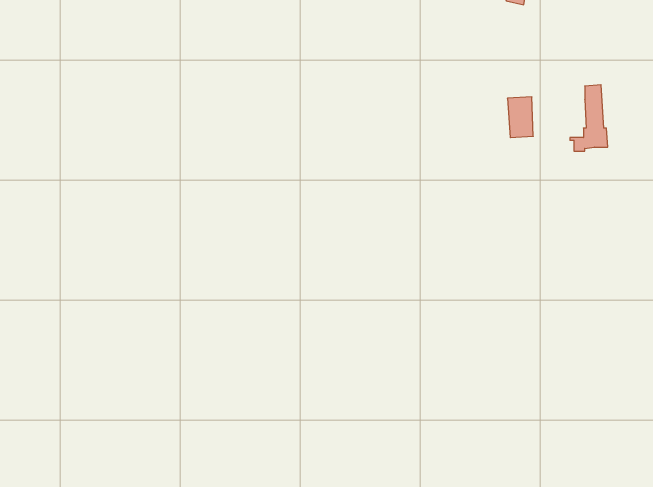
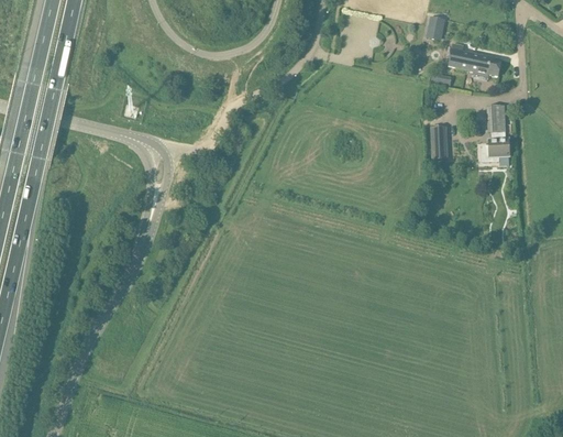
building: none -> [450,44,503,77]

